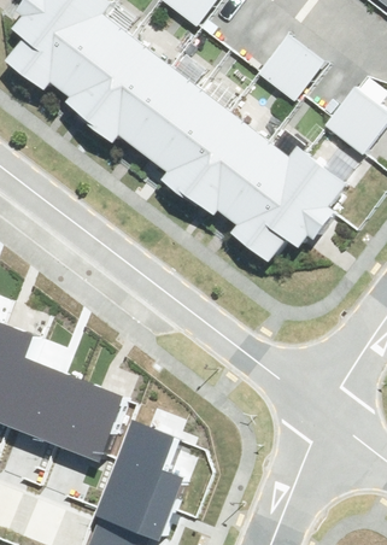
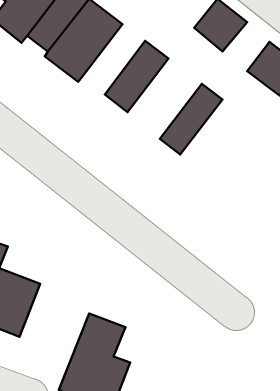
building: [123,64,200,151] -> none
building: [172,106,270,211] -> none
building: [240,147,350,256] -> none
building: [46,383,118,467] -> none

